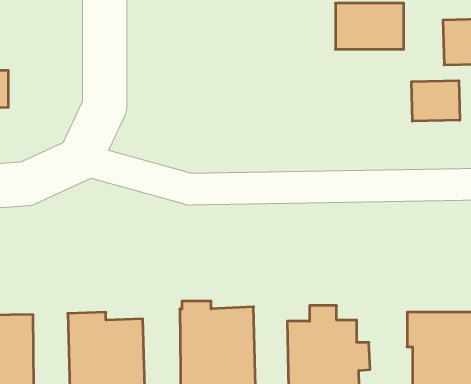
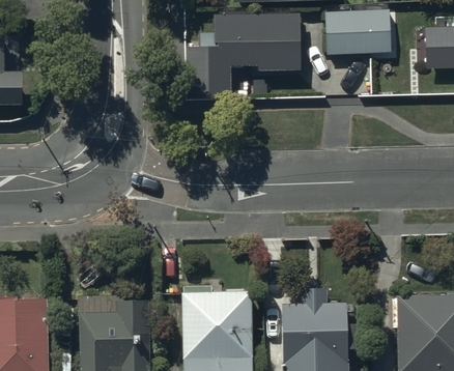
building: none -> [186,15,301,98]
building: [412,81,460,121] -> none

